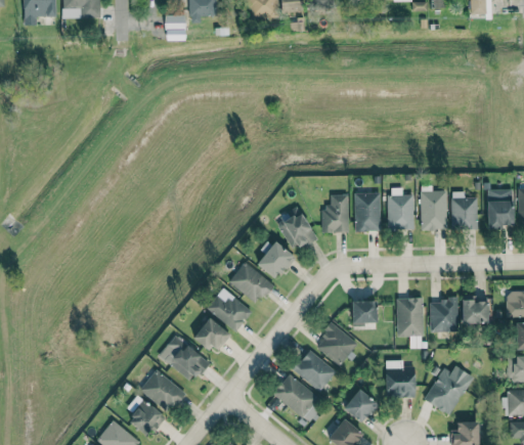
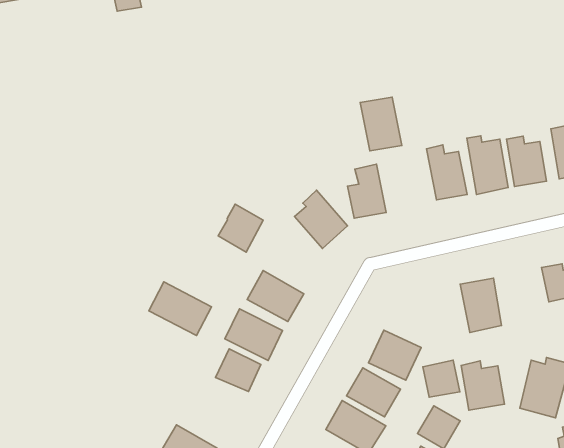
building: [354,192,381,231] -> [360,97,402,151]
building: [257,240,294,279] -> [218,204,263,252]
building: [351,300,377,325] -> [423,360,460,397]
building: [430,300,457,331] -> none
building: [159,336,208,382] -> [149,282,211,336]

